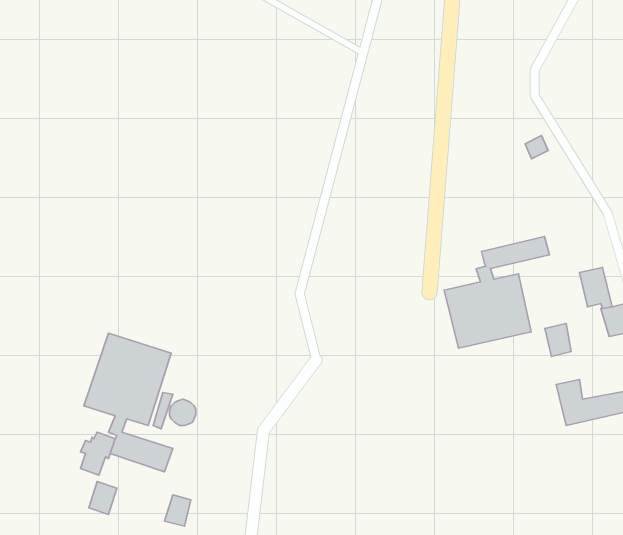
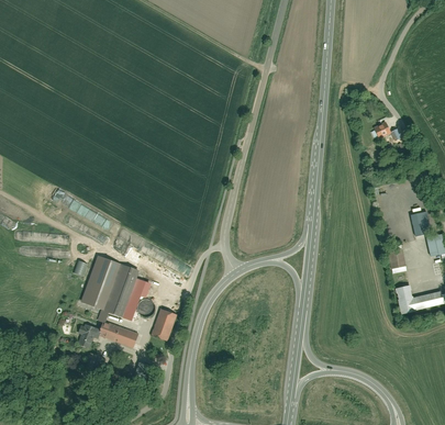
building: [444,237,550,348] -> none
building: none -> [151,309,177,340]

